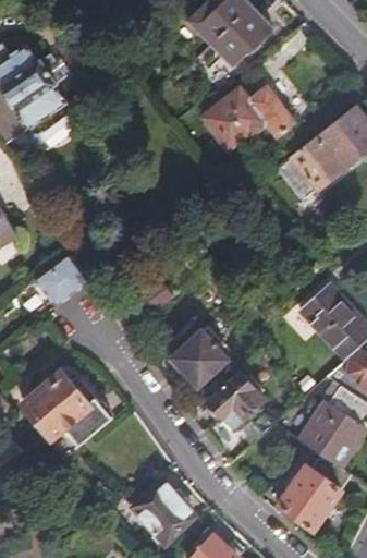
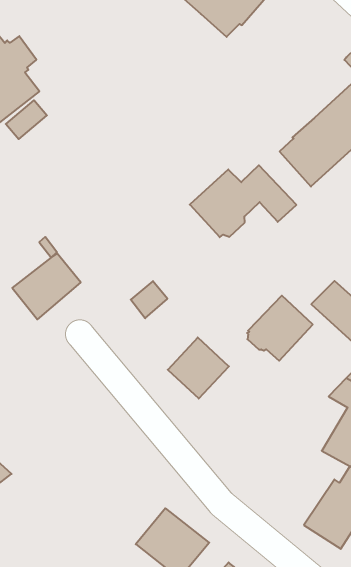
building: [204,87,298,149] -> [190,165,296,237]
building: [205,371,264,428] -> [247,296,313,361]
building: [23,373,110,457] -> none

